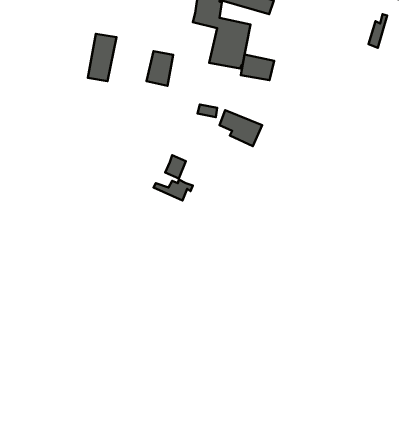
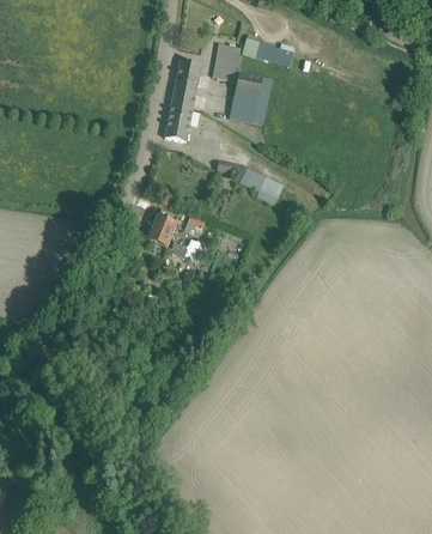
building: [88,34,117,81] -> [171,61,201,110]
building: [241,54,274,80] -> none
building: none -> [148,210,177,247]

